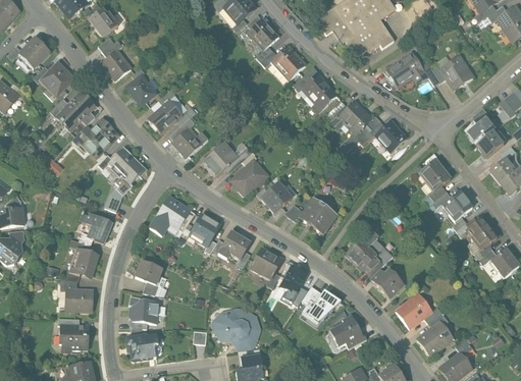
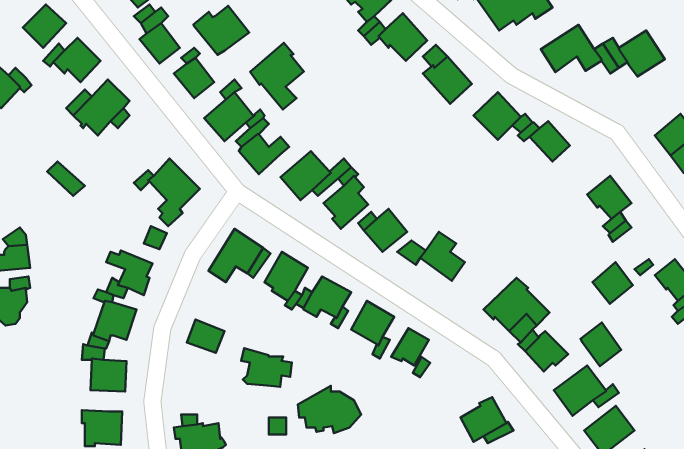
building: none -> [194,6,249,55]
building: none -> [250,43,304,110]
building: [80,121,115,157] -> none
building: [442,190,471,220] -> [592,262,633,304]
building: none -> [580,323,621,366]
building: [302,286,337,317] -> none
building: [128,295,164,323] -> [241,348,292,387]

